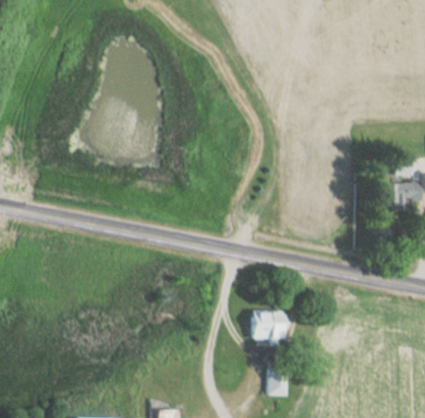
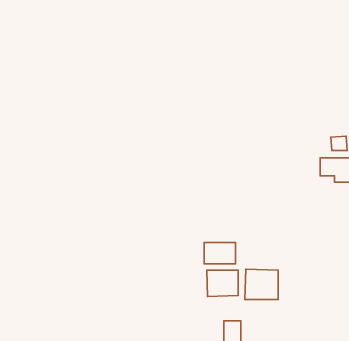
building: none -> [204,242,235,264]
building: none -> [245,269,278,300]

